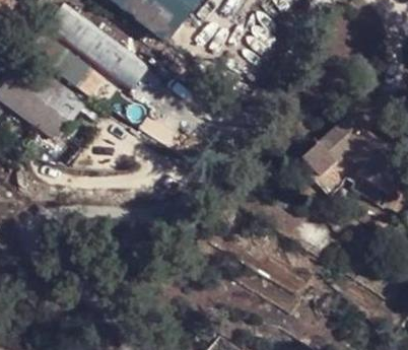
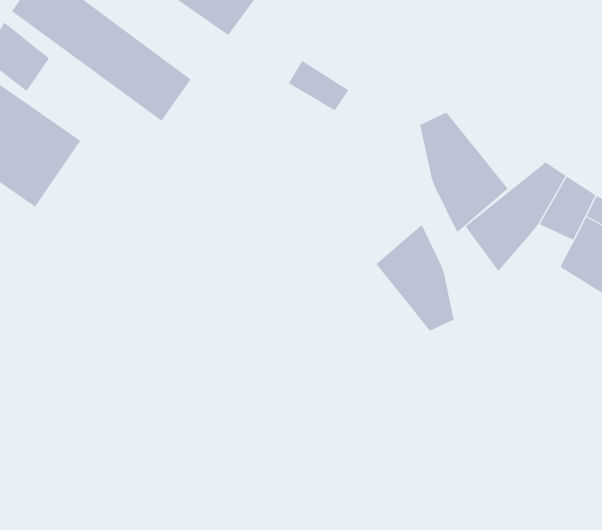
building: none -> [419,112,508,233]
building: none -> [375,224,454,332]

